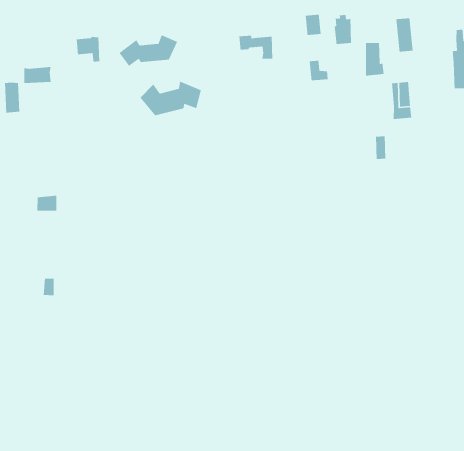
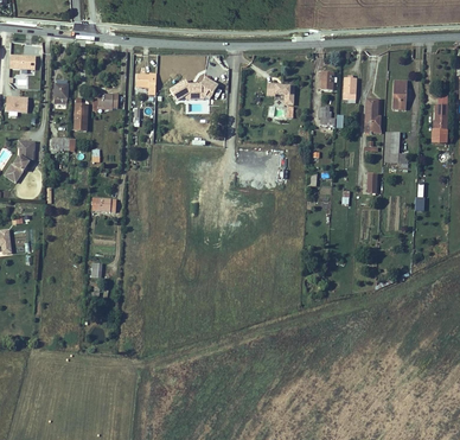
building: [140,81,202,116] -> none

